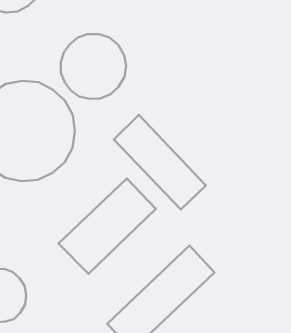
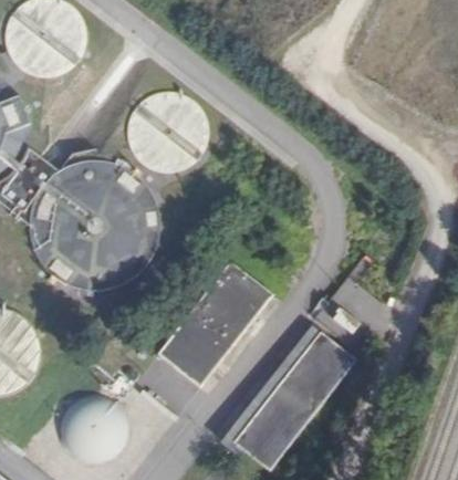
building: [114,115,206,209] -> none

